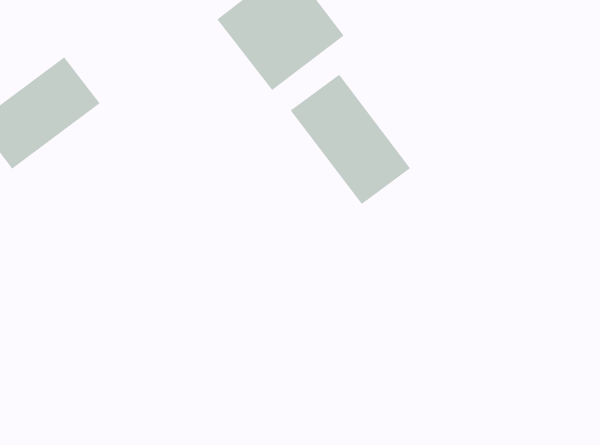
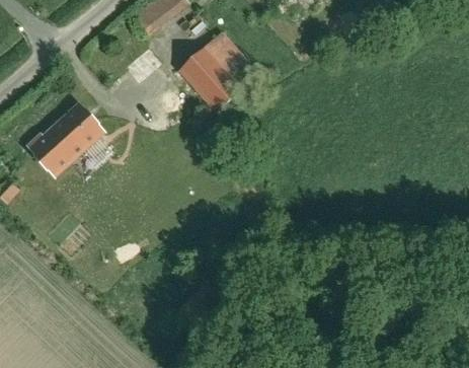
building: [290,74,411,205] -> none

